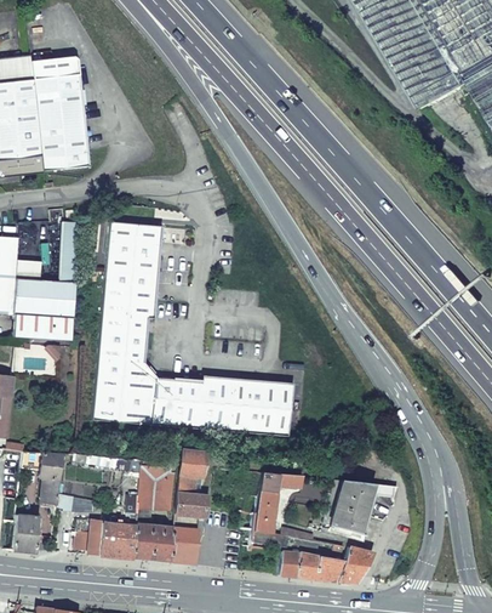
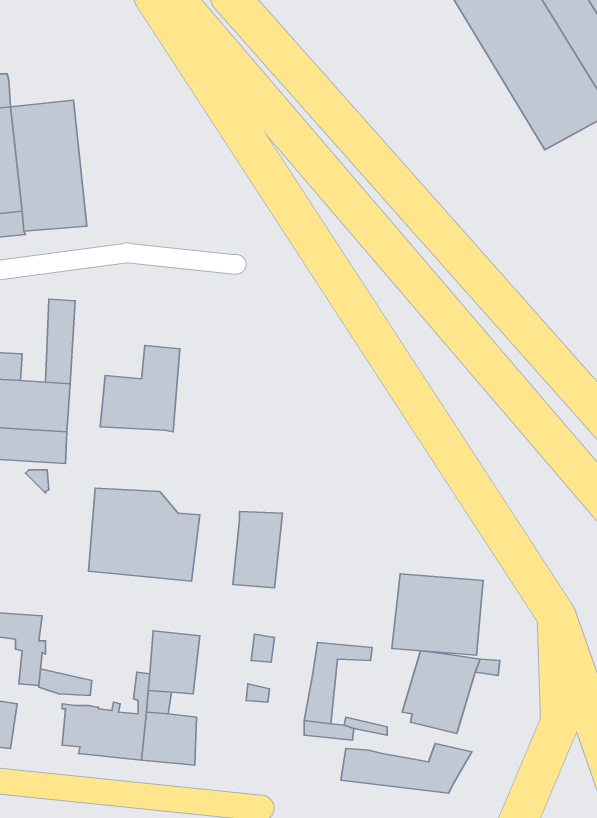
building: [34,56,81,80] -> none
building: [104,221,161,279] -> none
building: [97,314,148,362] -> none
building: [228,378,294,437] -> [392,574,483,655]
building: [167,379,202,430] -> none
building: [173,449,205,516] -> none
building: [170,527,195,564] -> none

